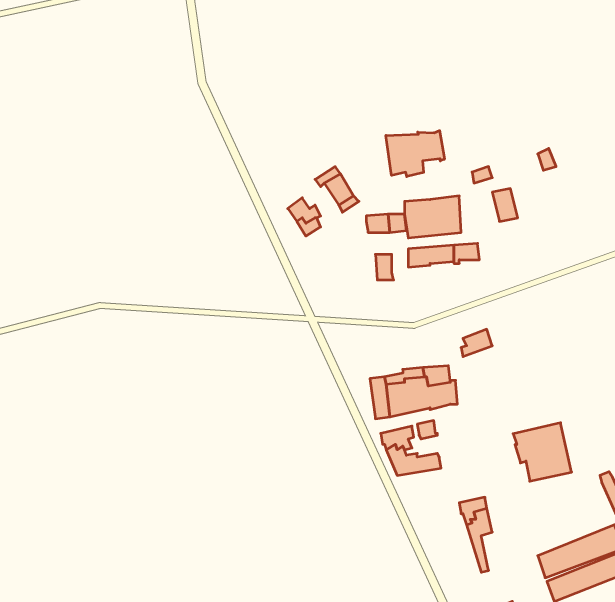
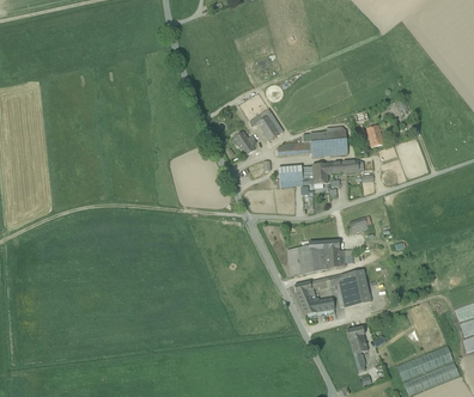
building: [386,131,444,177] -> none
building: [513,423,572,481] -> [333,269,371,307]

